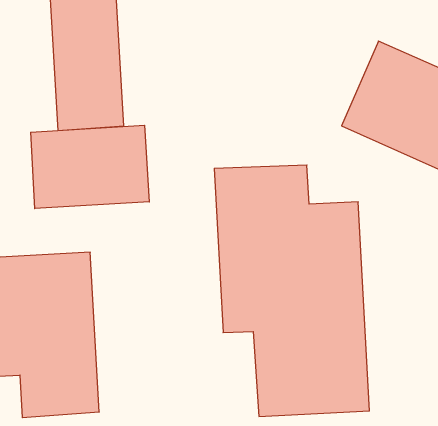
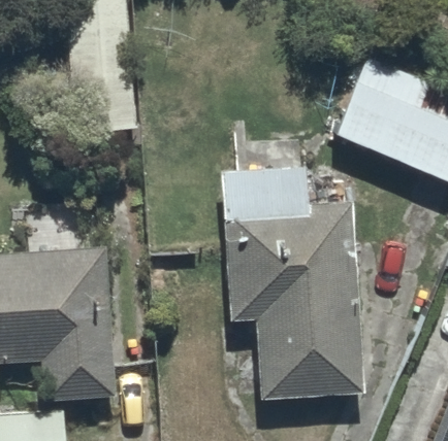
building: [31,125,149,209] -> none

